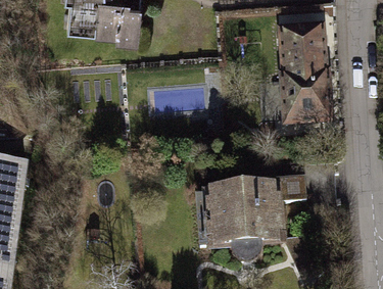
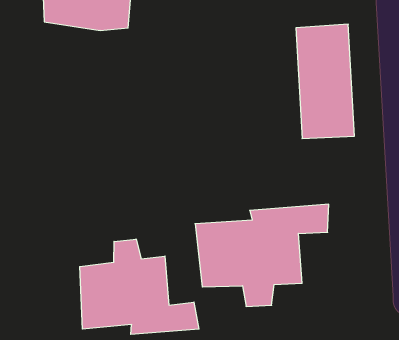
building: none -> [80,239,199,334]

